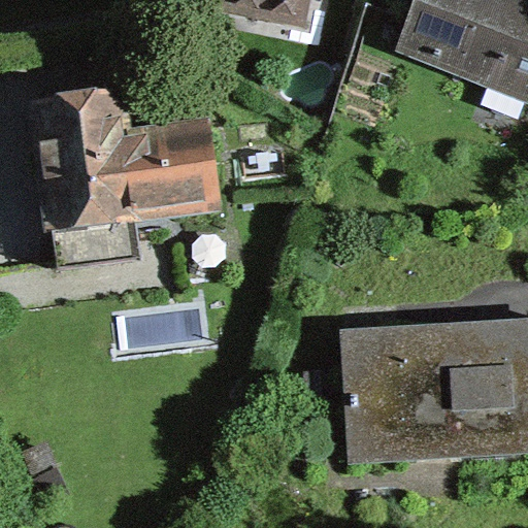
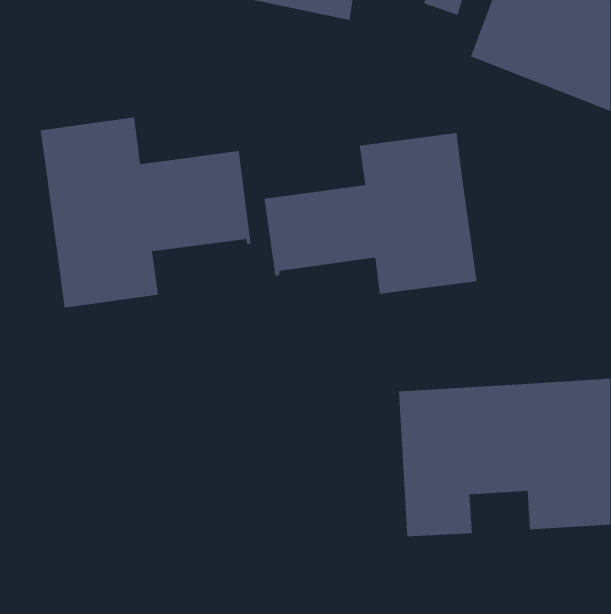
building: none -> [264,132,477,295]

